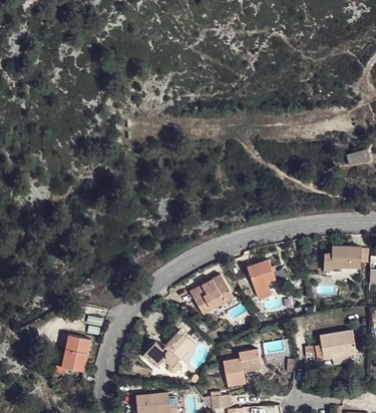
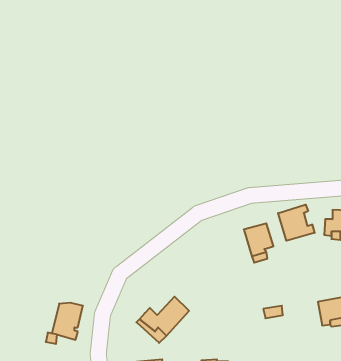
building: none -> [278,205,315,241]
building: [190,275,234,315] -> none
building: [225,348,263,386] -> none

